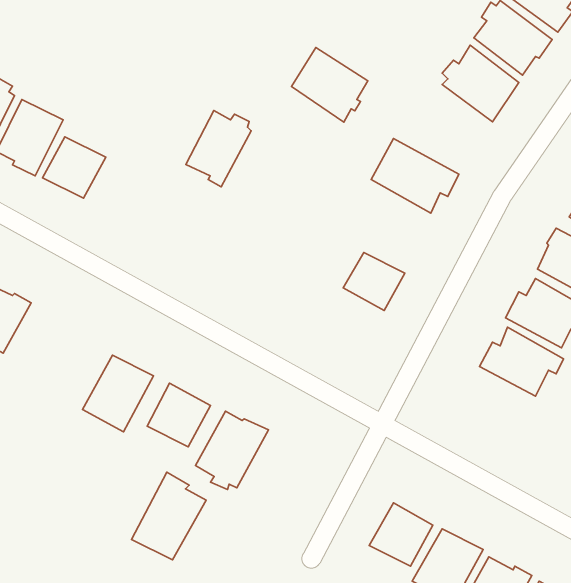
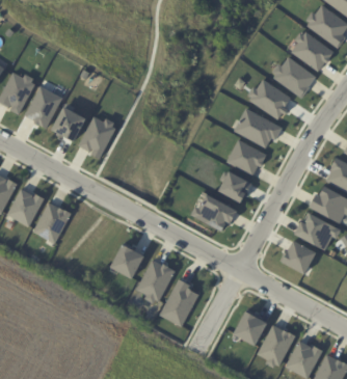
building: [291,47,368,122] -> [249,78,292,119]
building: [186,110,251,187] -> [79,115,115,158]
building: none -> [226,138,267,174]
building: none -> [191,192,238,231]
building: [83,355,154,432] -> [32,201,72,244]
building: none -> [282,239,317,274]
building: [131,472,206,560] -> [159,277,201,326]

